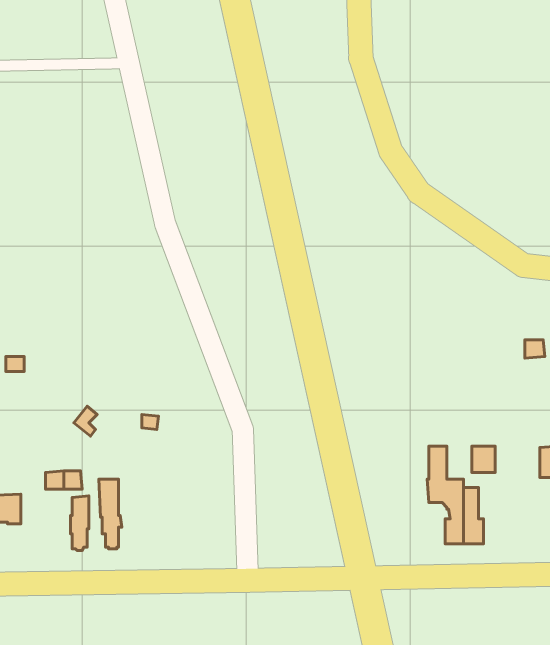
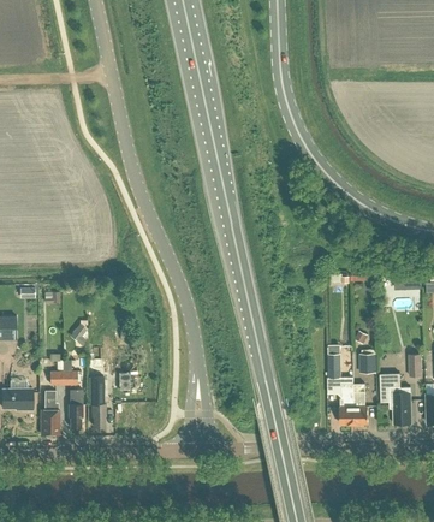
building: none -> [380,373,411,423]
building: none -> [41,390,59,433]

